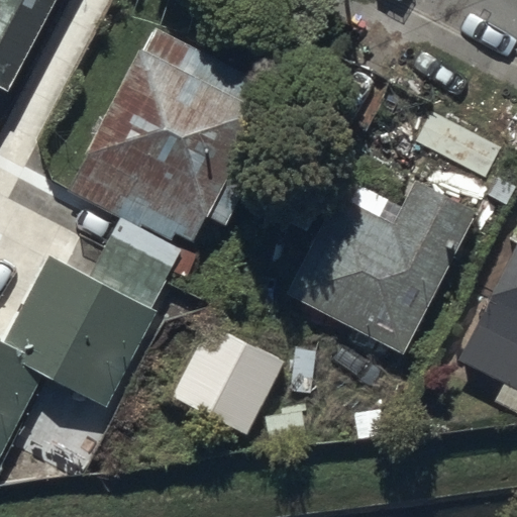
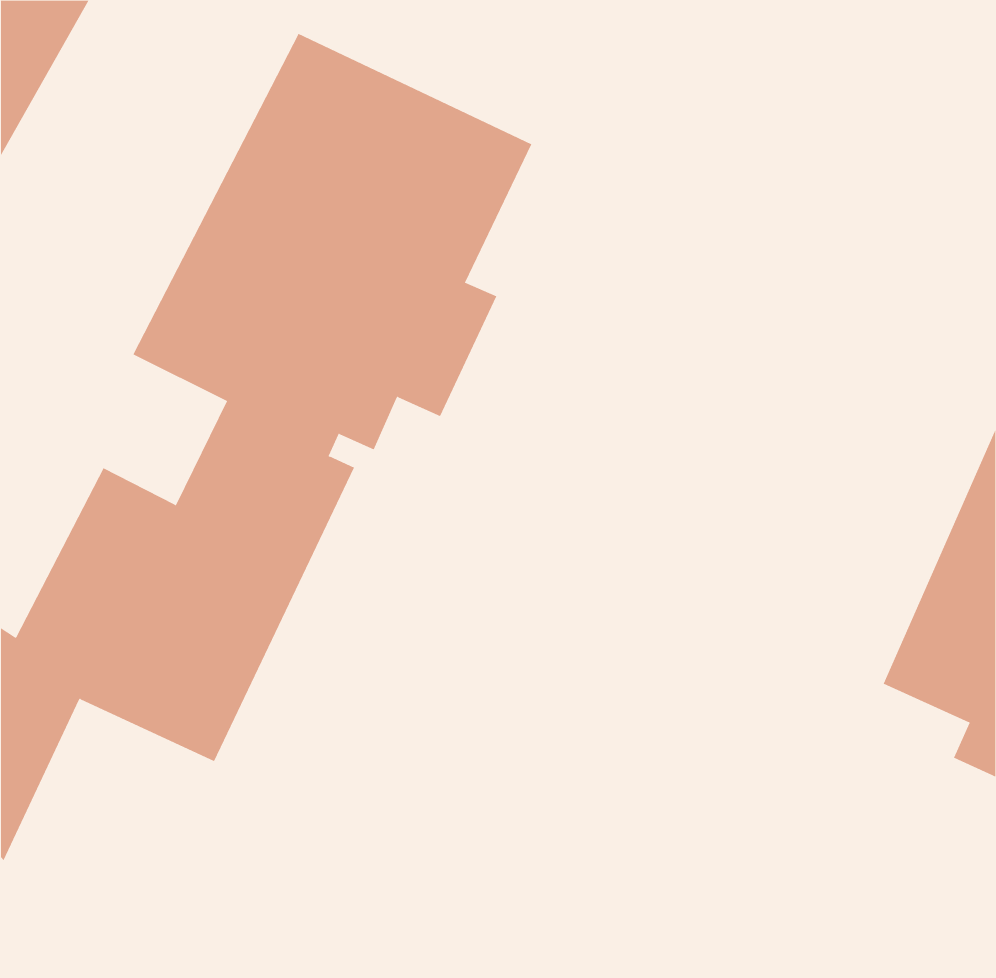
building: [283,178,474,354] -> none
building: [174,328,284,439] -> none

